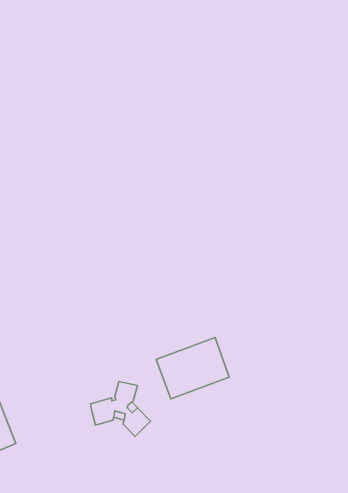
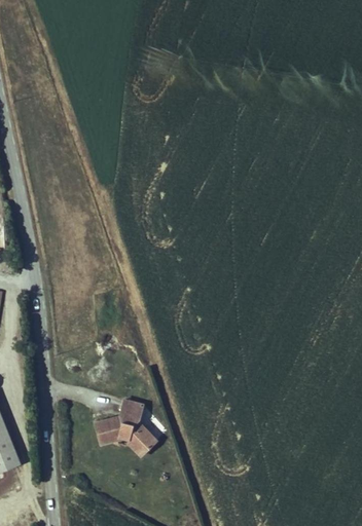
building: [156,337,229,399] -> none

